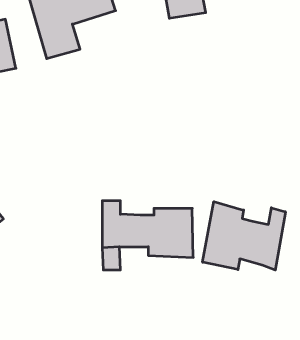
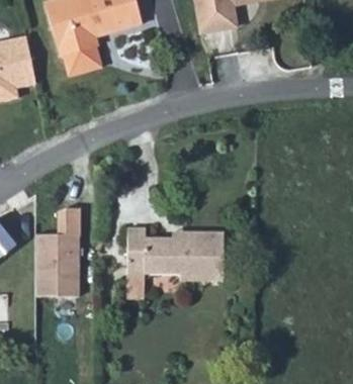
building: [203,202,285,270] -> none
building: none -> [33,232,78,292]

